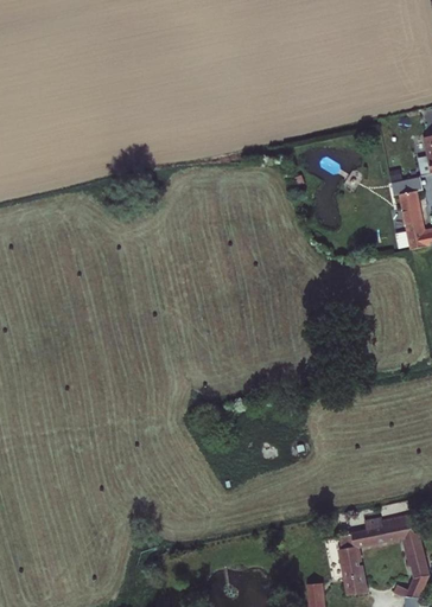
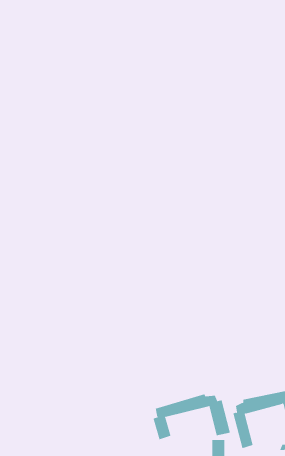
building: none -> [153,393,230,440]

